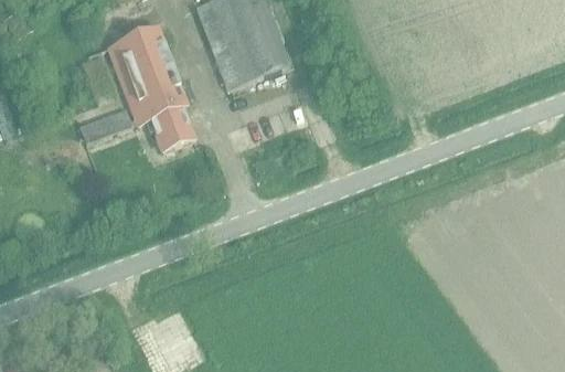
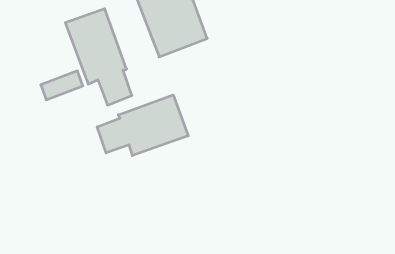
building: none -> [97,95,188,156]

